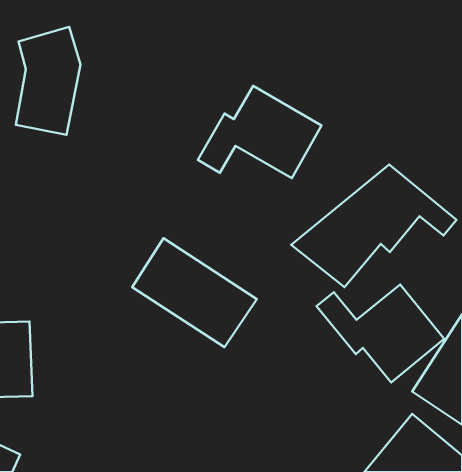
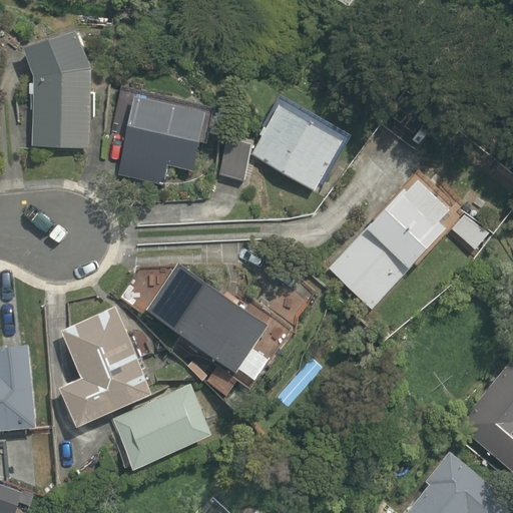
building: none -> [121,95,221,185]
building: none -> [57,306,216,474]
building: [317,284,444,382] -> none

